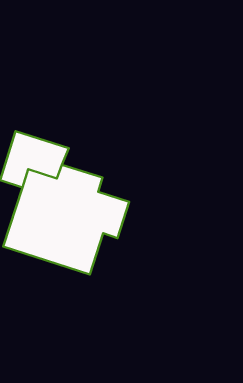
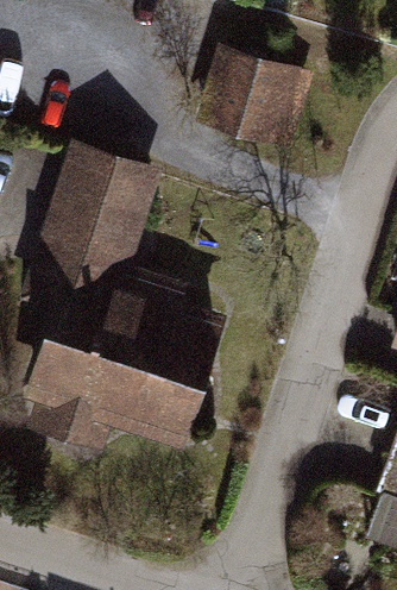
building: none -> [203,57,292,148]
building: none -> [53,158,152,256]

